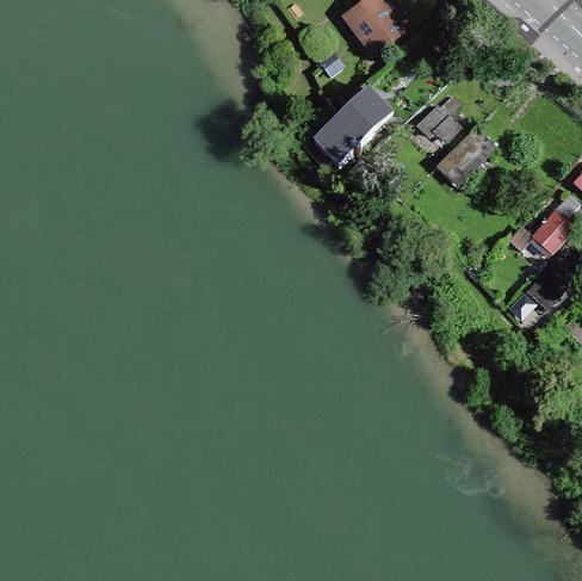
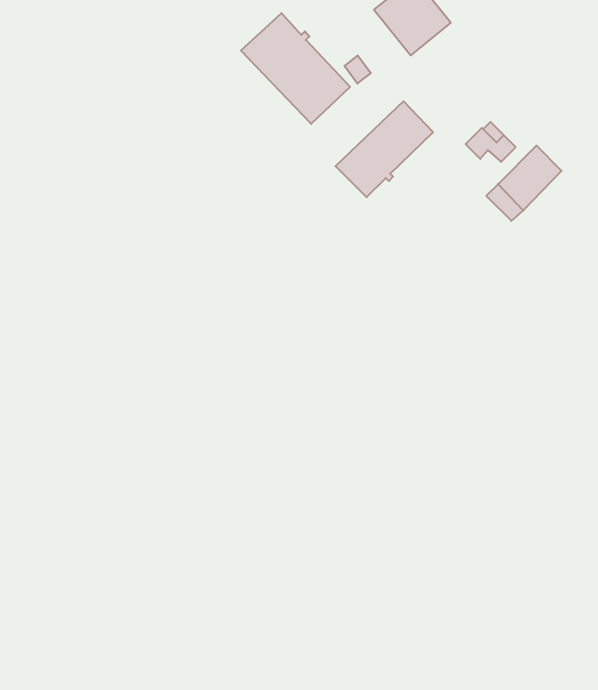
building: none -> [241,13,350,124]

